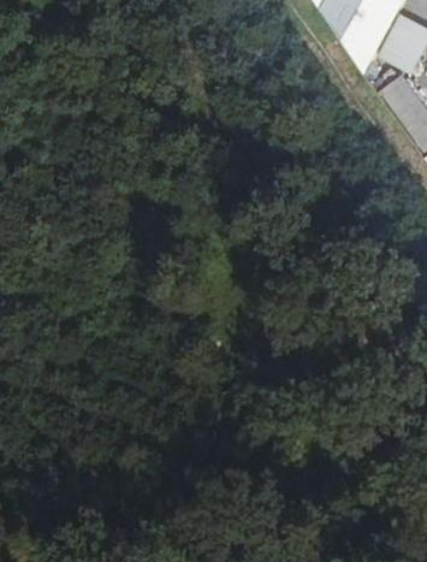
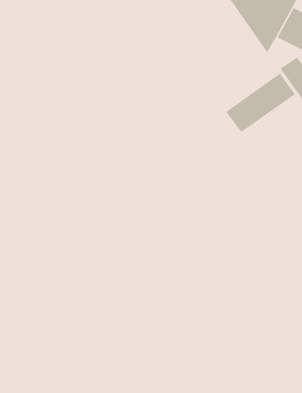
building: none -> [225,72,296,133]

